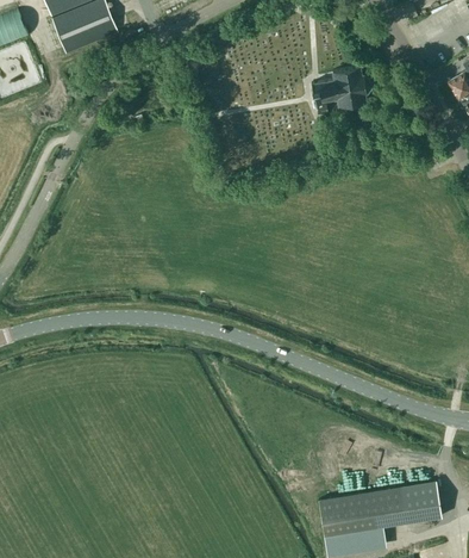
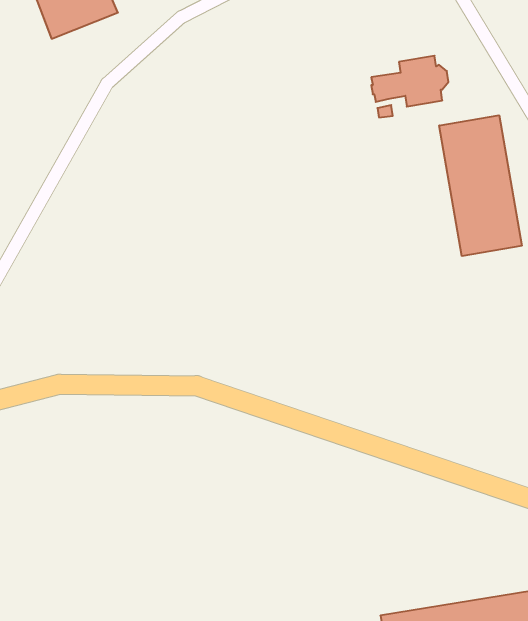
building: none -> [439,115,522,256]

